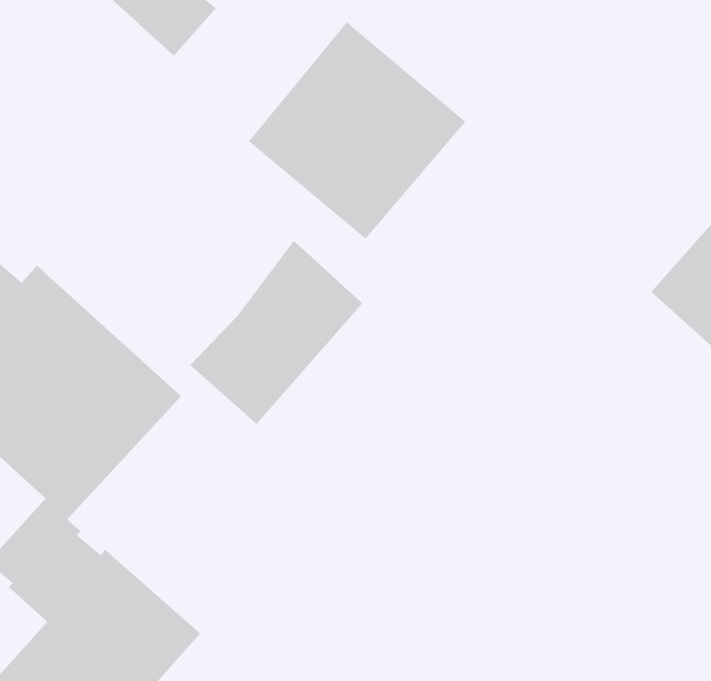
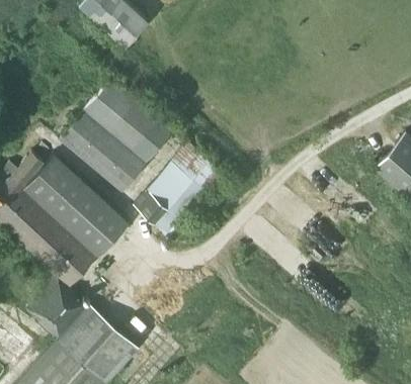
building: [248,21,466,239] -> [60,78,174,192]

